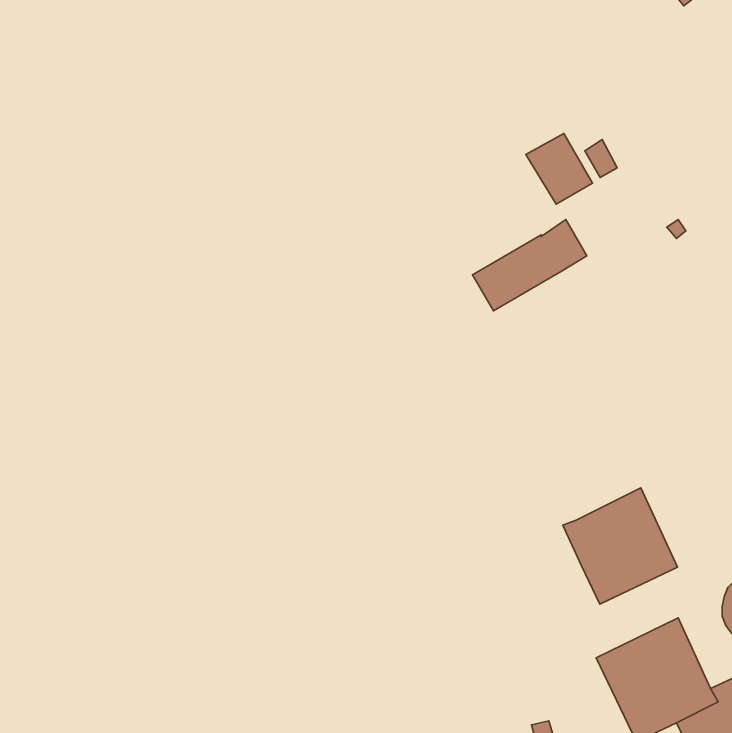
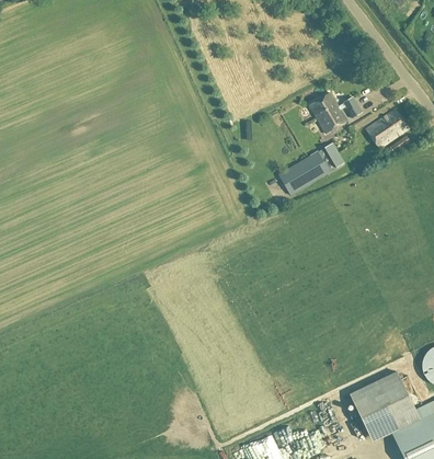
building: none -> [365,107,409,148]
building: [563,488,678,604] -> none

